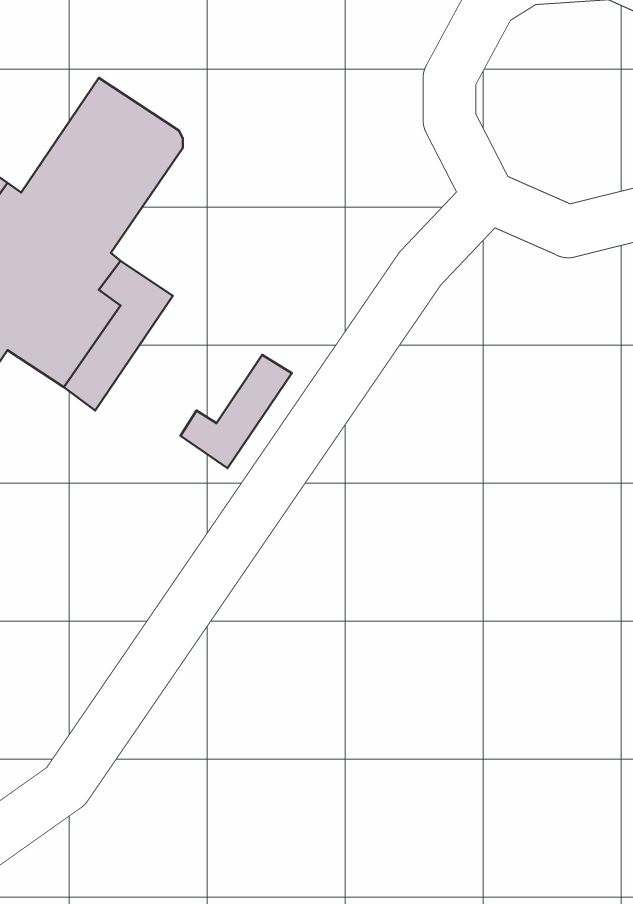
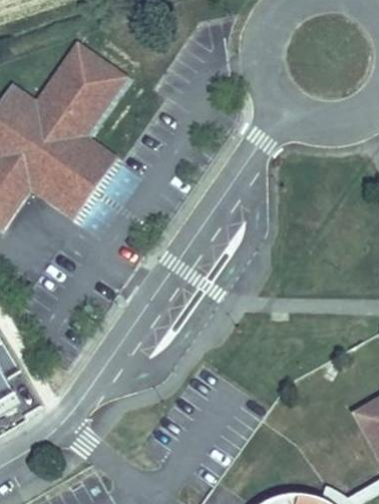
building: [181,355,292,468] -> none

